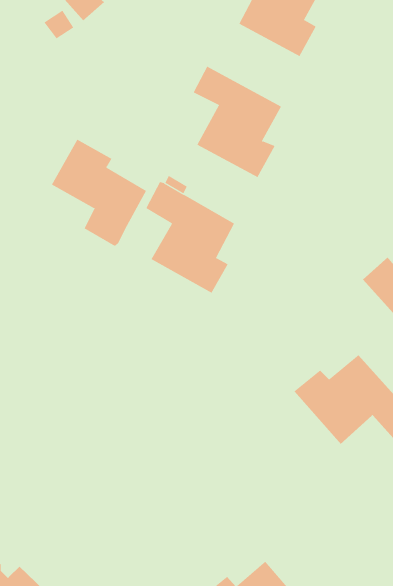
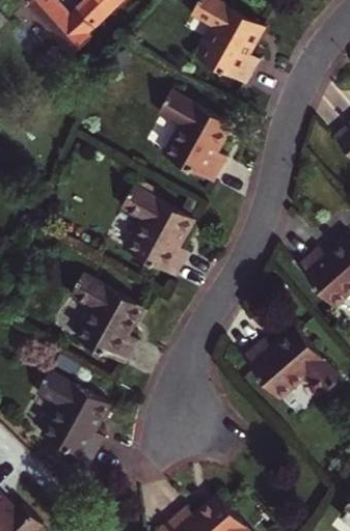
building: [51,139,147,247] -> none
building: none -> [70,273,143,365]
building: none -> [36,371,110,463]

